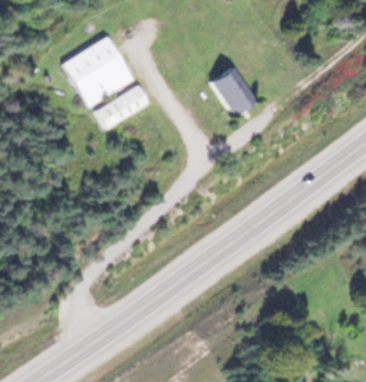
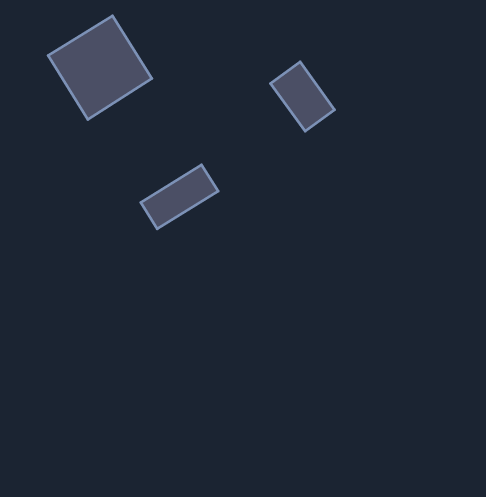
building: [95,85,147,128] -> [141,165,218,229]

